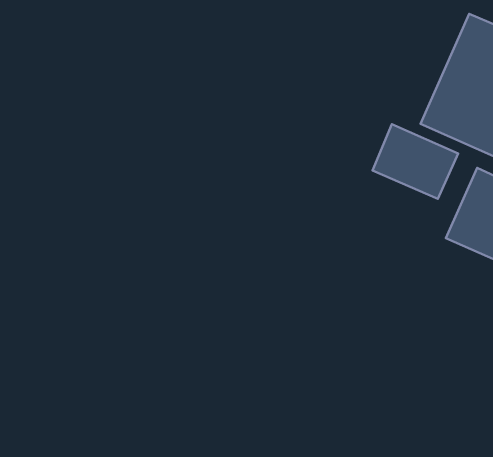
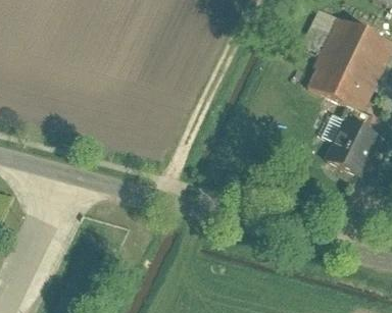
building: [372,124,458,199] -> none

